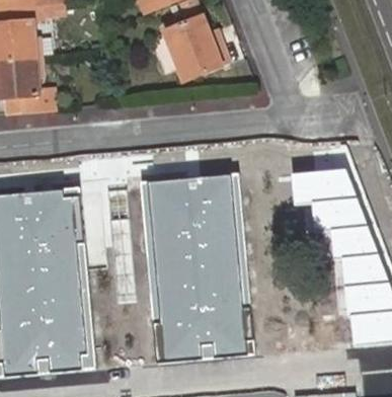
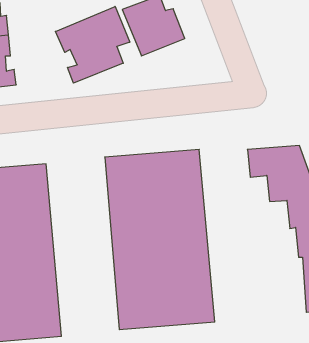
building: none -> [55,6,130,83]

